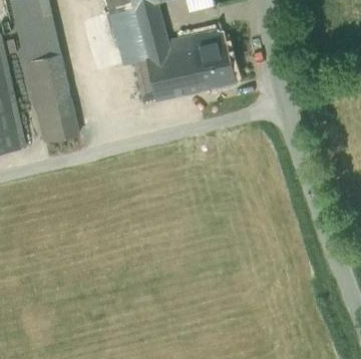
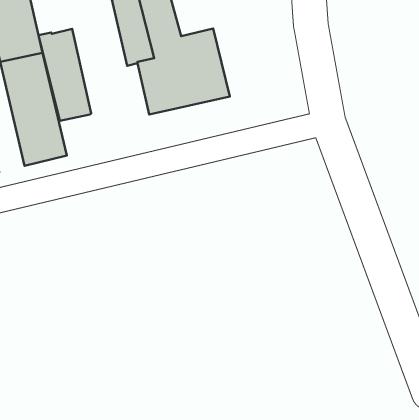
building: [193,28,237,88] -> none
building: none -> [39,29,91,121]

